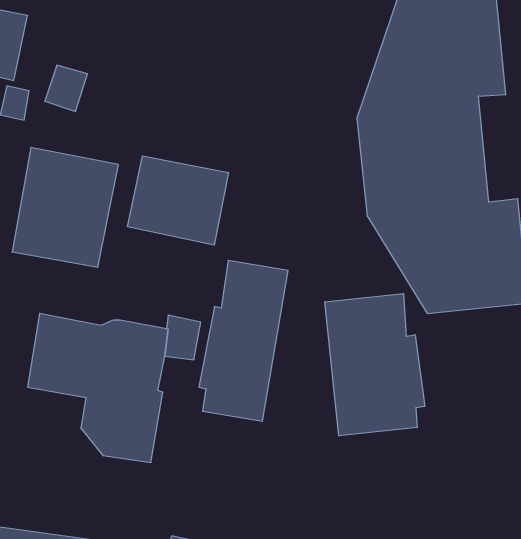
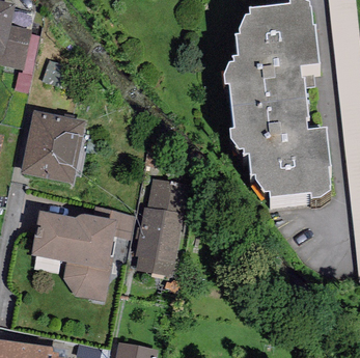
building: [128,156,229,245] -> none
building: [325,294,425,436] -> none

